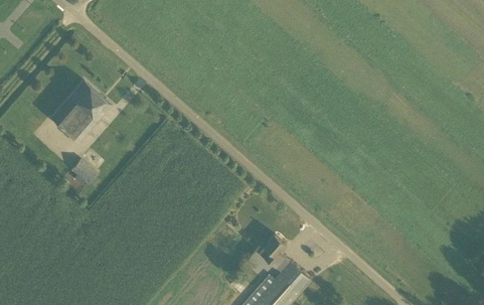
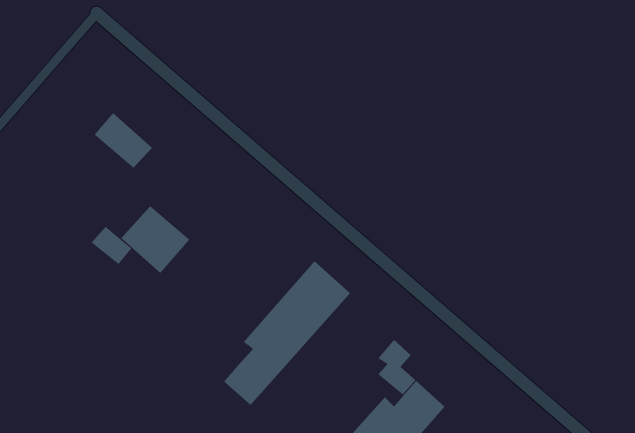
building: [48,95,96,141] -> [121,206,190,274]
building: none -> [223,261,351,406]

